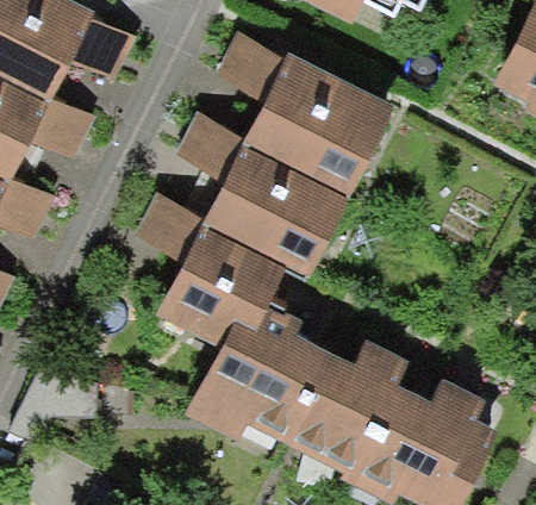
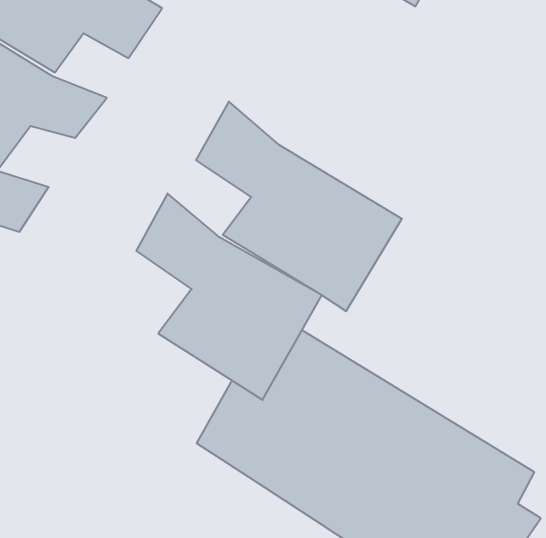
building: [216,27,392,195] -> none

